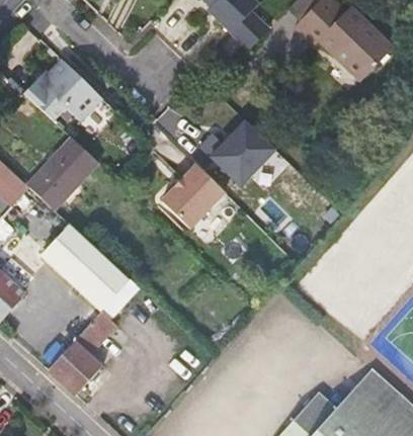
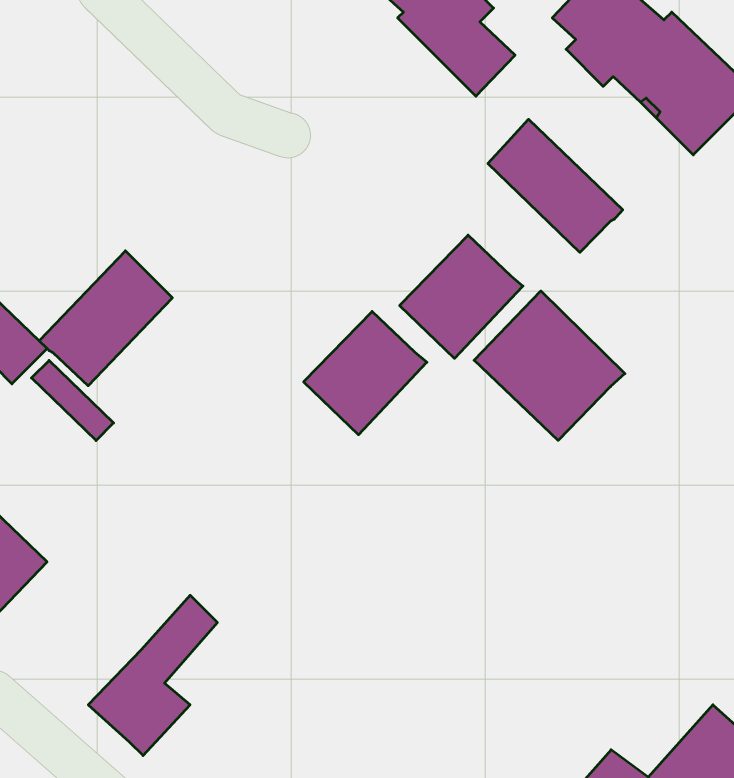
building: [23,59,103,121] -> none
building: none -> [488,119,623,252]
building: none -> [474,291,625,440]
building: [44,224,129,311] -> none

